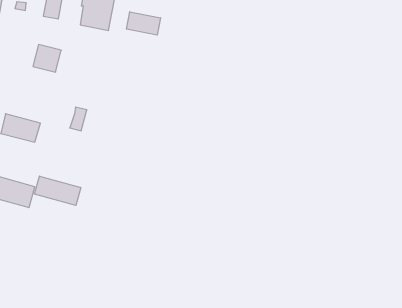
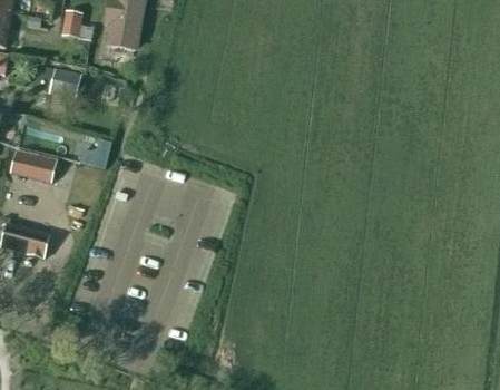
building: [126,12,161,35] -> none
building: [35,176,81,205] -> none

